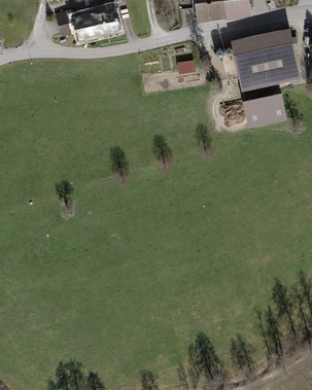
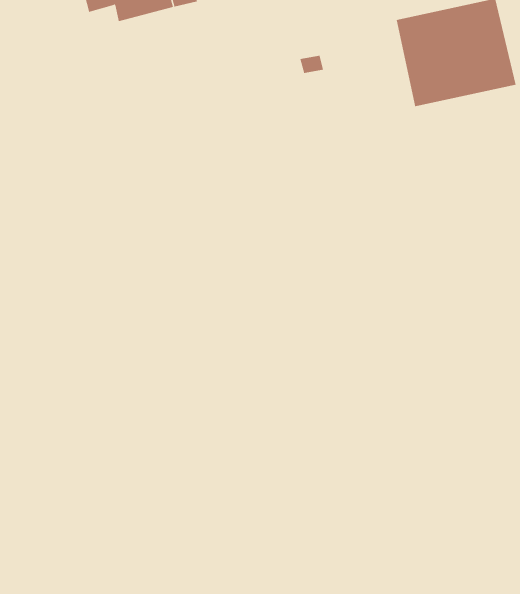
building: [245,96,284,123] -> none

